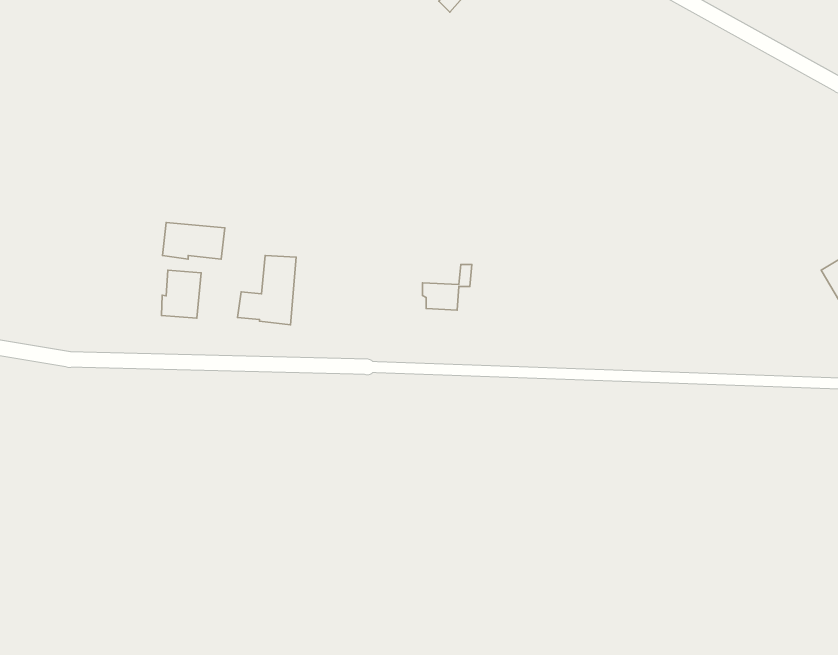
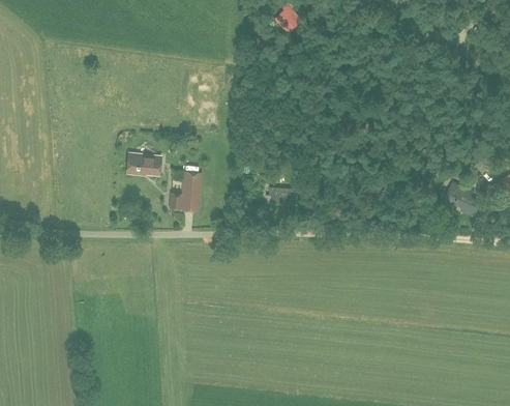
building: [162,270,201,318] -> none
building: none -> [445,184,473,210]

